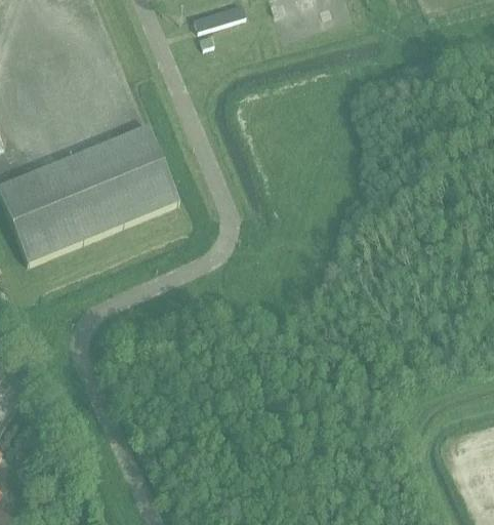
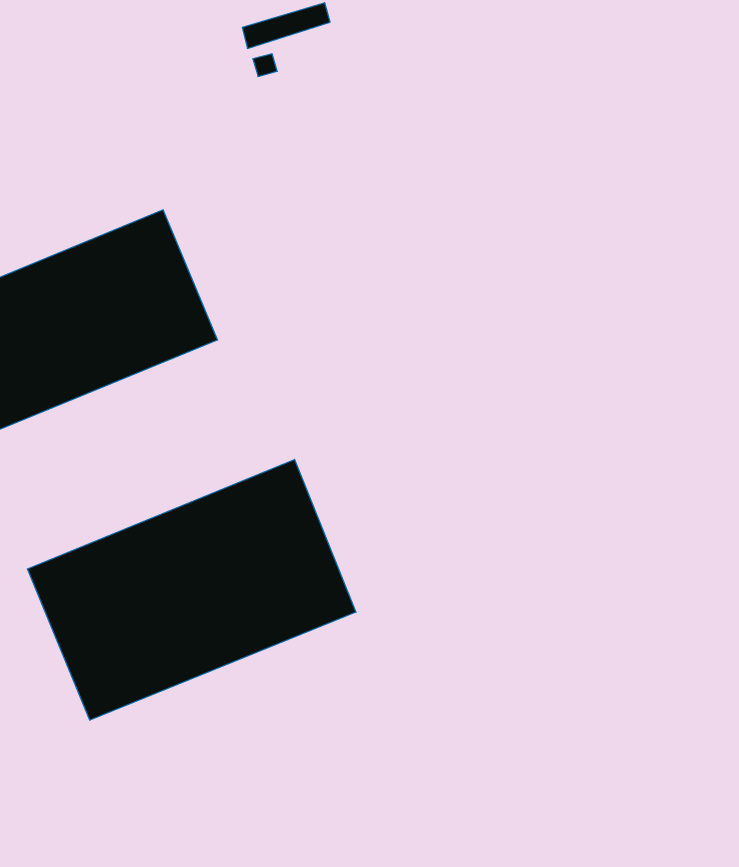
building: none -> [27,459,356,720]

